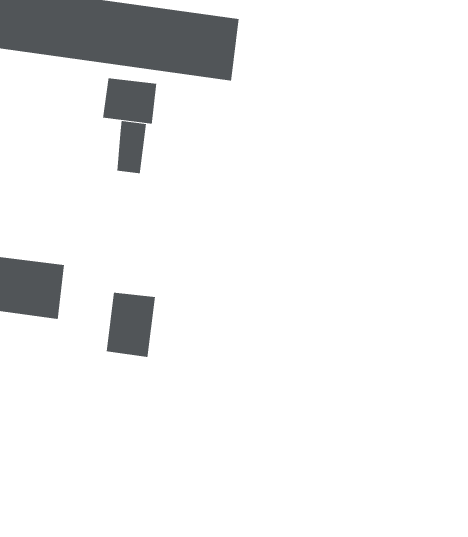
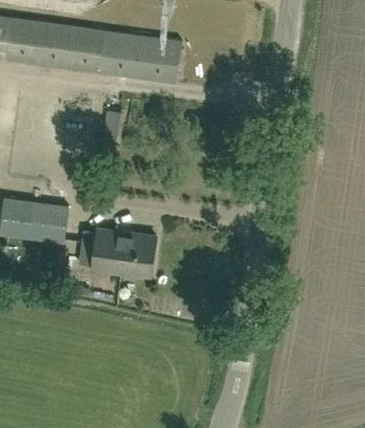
building: [103,77,157,124] -> none
building: none -> [119,227,154,270]

